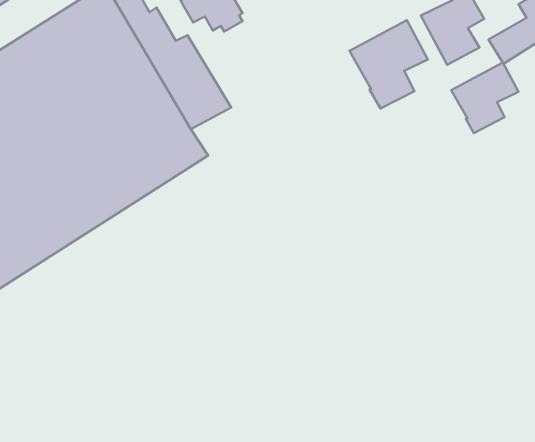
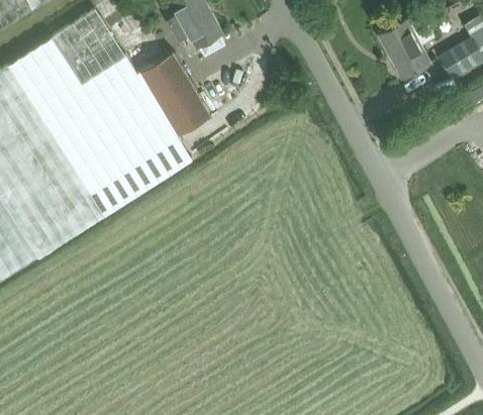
building: [349,20,428,109] -> none
building: [451,63,518,133] -> none

